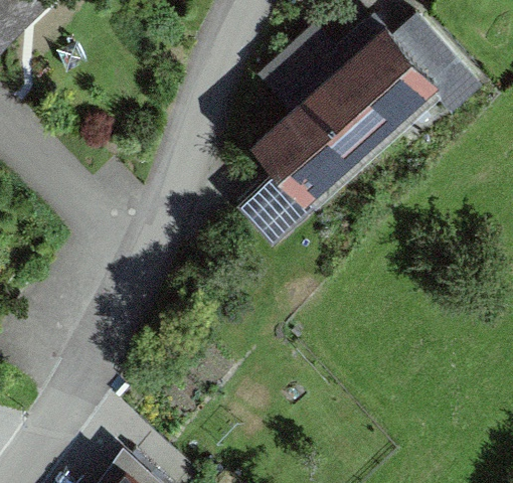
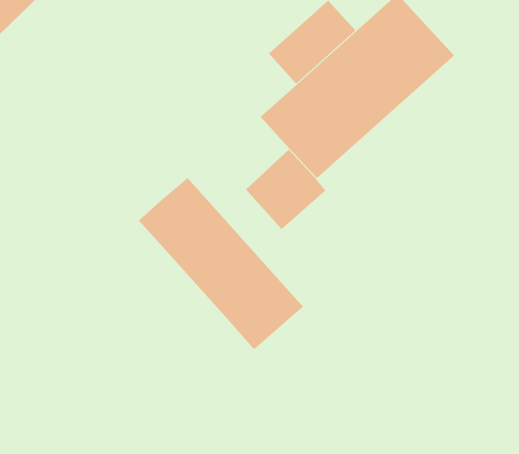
building: none -> [138,177,304,350]

